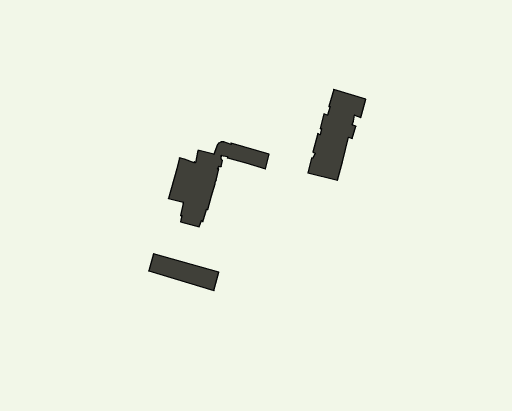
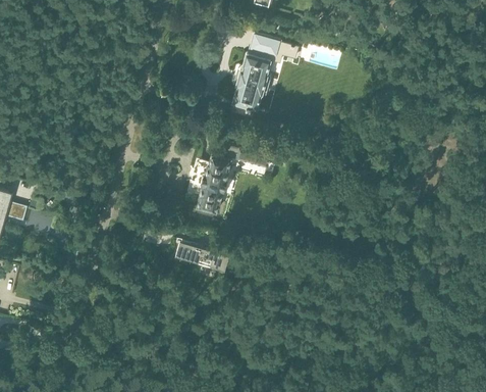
building: [308,89,366,180] -> [234,35,282,110]

